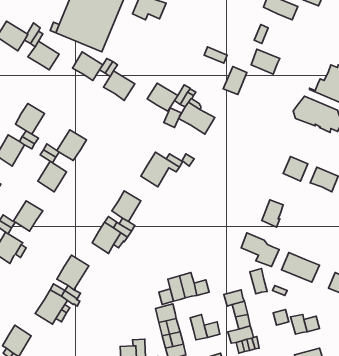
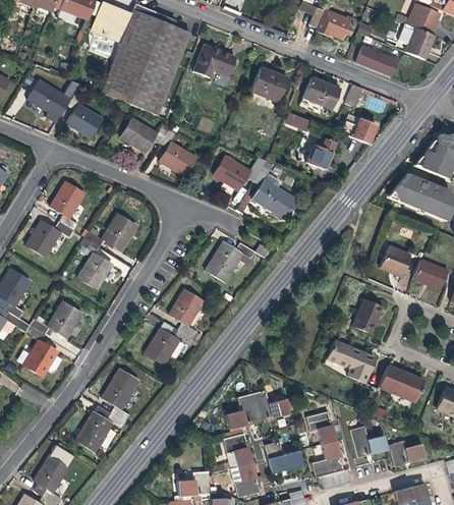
building: none -> [251,66,287,101]
building: none -> [300,76,340,109]
building: [250,268,267,294] -> [351,426,373,457]

